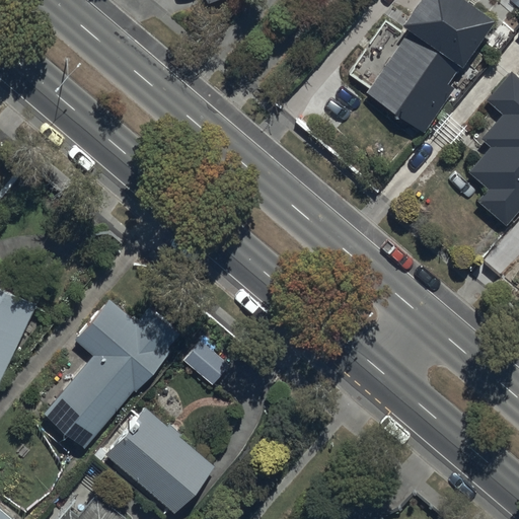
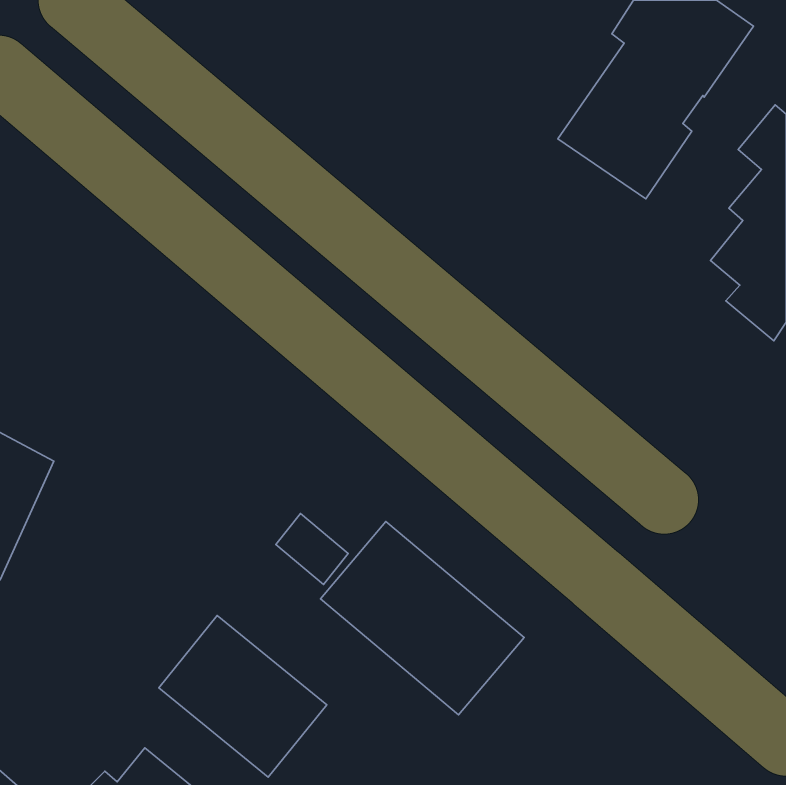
building: [44,298,179,449] -> none
building: none -> [320,522,524,715]

